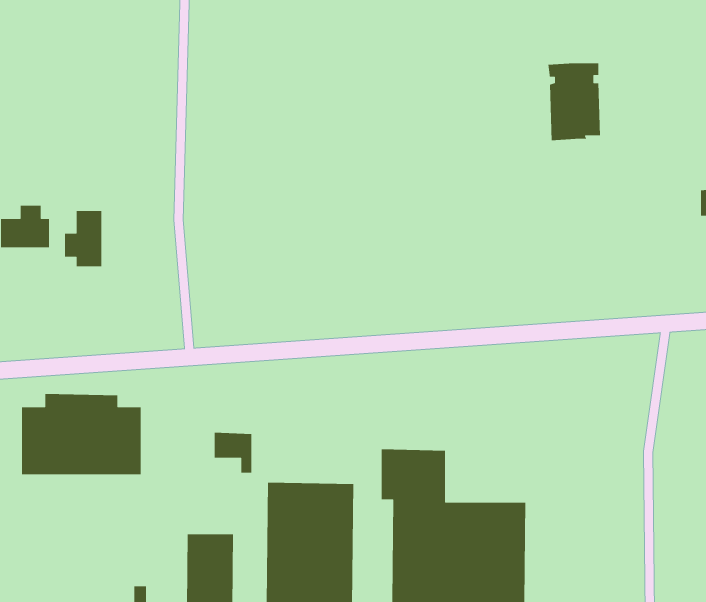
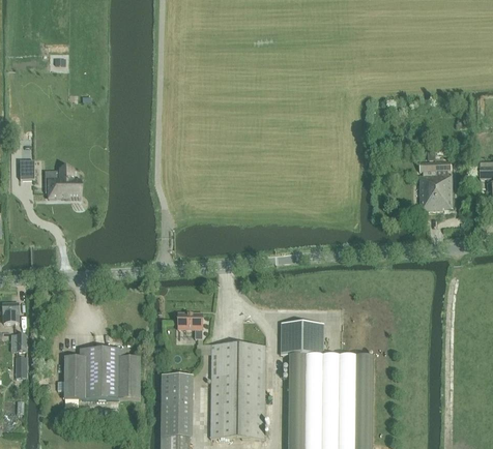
building: [547,63,601,141] -> [418,161,452,210]
building: [64,210,102,267] -> none
building: [21,393,141,475] -> [64,348,139,398]

